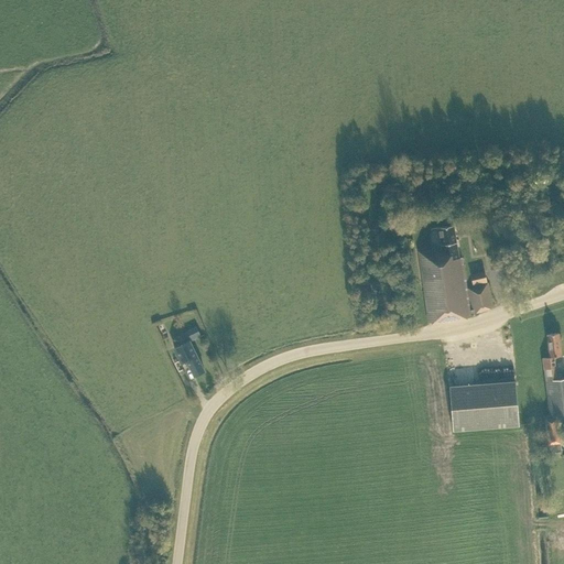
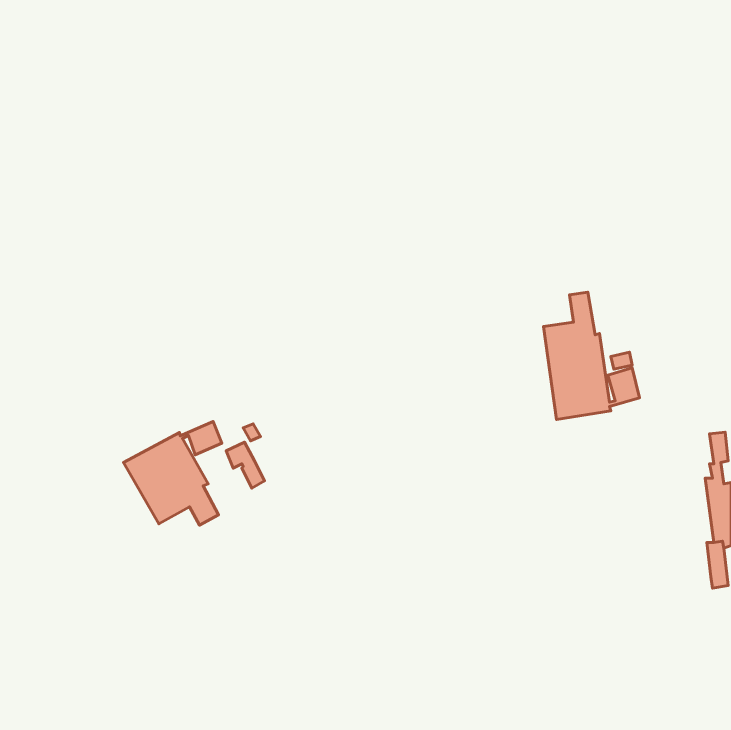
building: none -> [124,421,222,525]
building: [449,380,519,430] -> none

